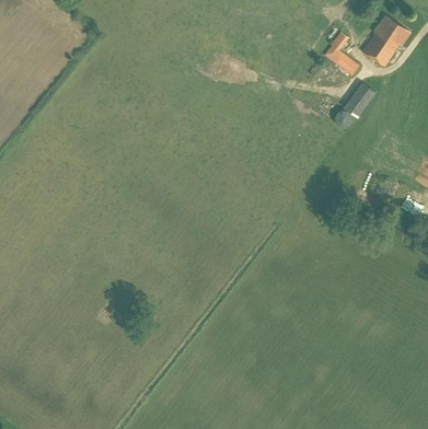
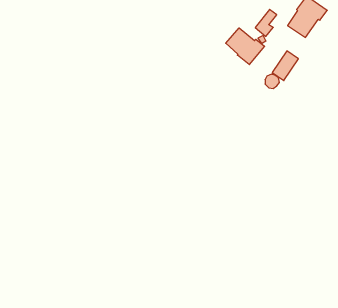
building: none -> [226,28,265,65]

